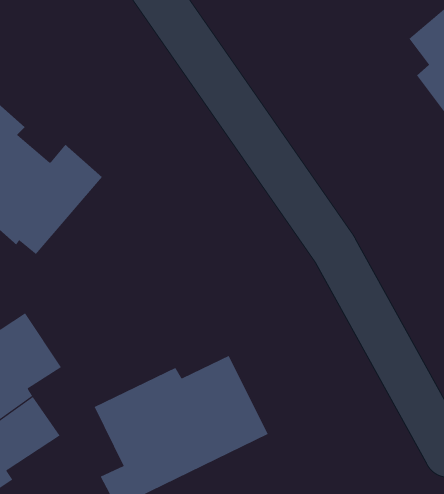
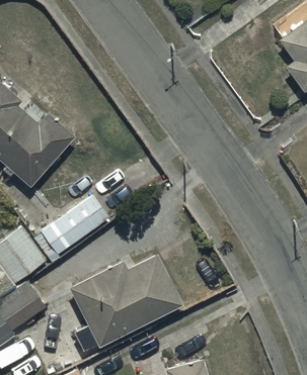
building: none -> [41,193,111,255]

